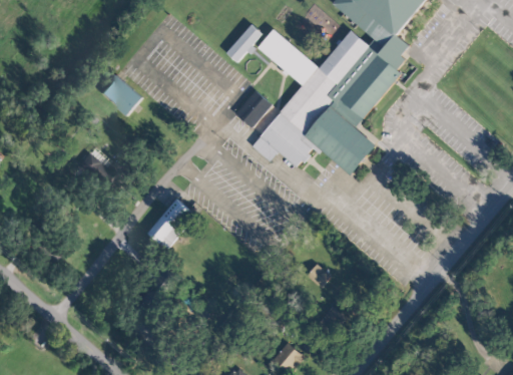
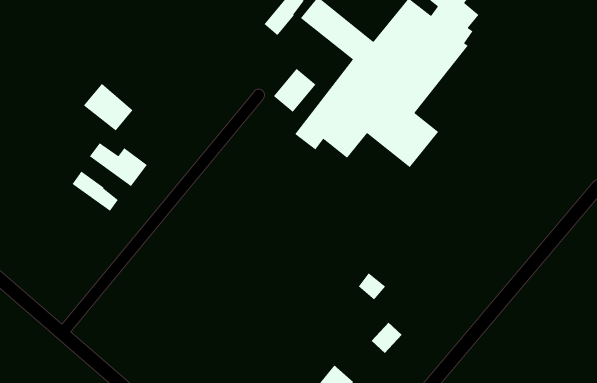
building: [99,74,142,115] -> [83,83,134,131]
building: none -> [72,171,119,212]
building: [147,199,195,250] -> none

